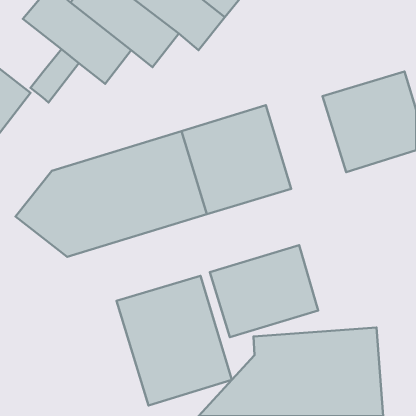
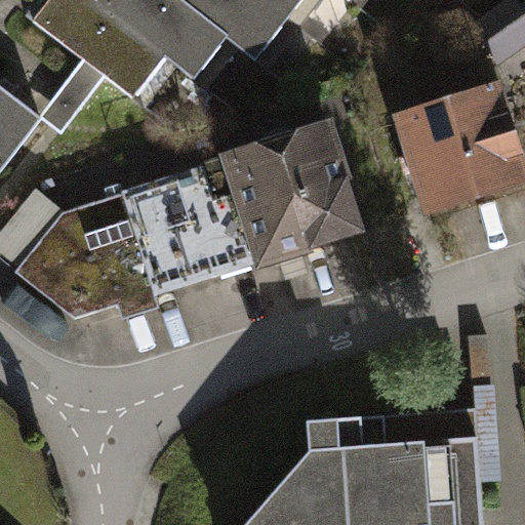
building: [210,245,318,337] -> none
building: [116,276,232,406] -> none

